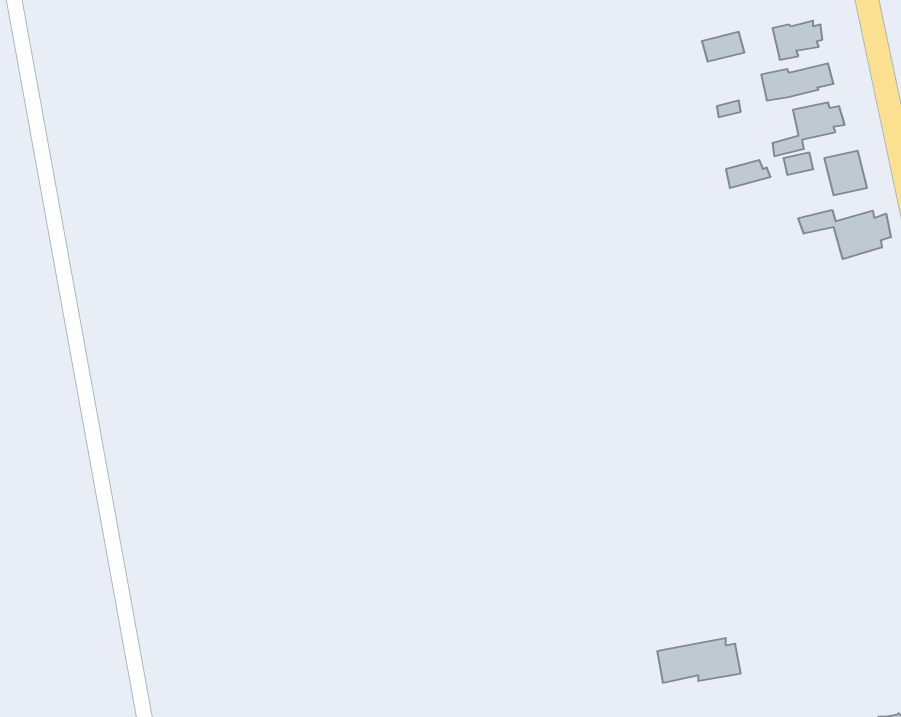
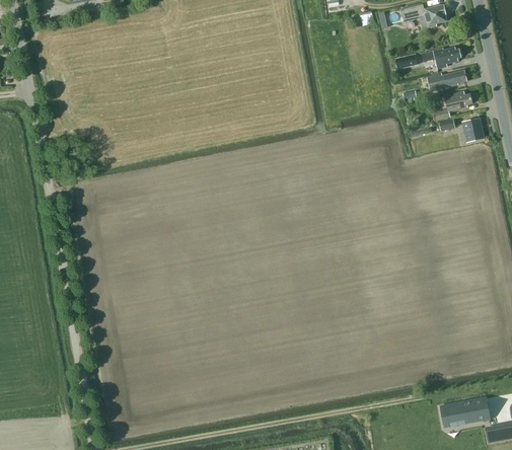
building: [798,210,891,259] -> none
building: [657,638,741,683] -> [443,398,489,423]

